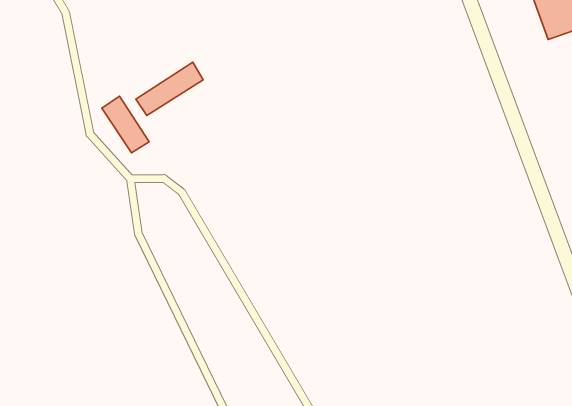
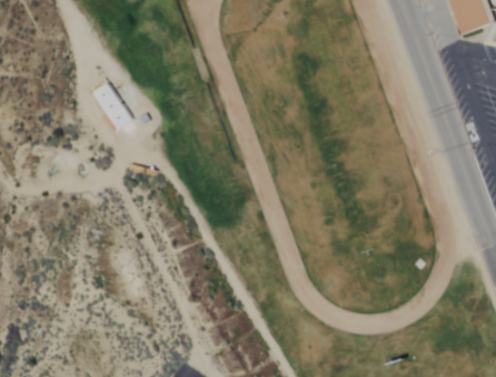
building: [136,62,203,115] -> none

